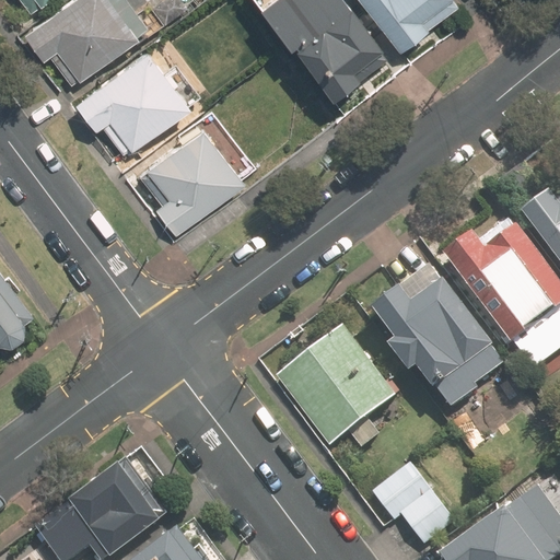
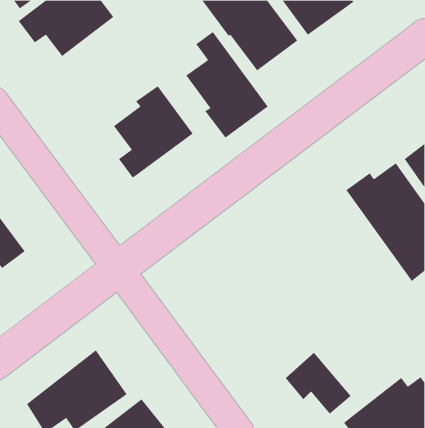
building: none -> [186,31,269,139]
building: [71,47,191,156] -> none
building: [375,280,501,409] -> none
building: [276,324,398,452] -> none

